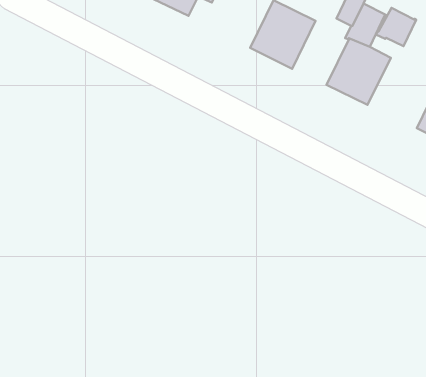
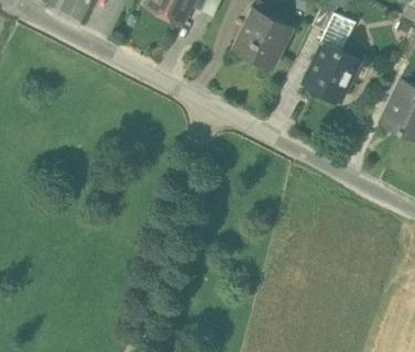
building: [376,8,416,46] -> none

